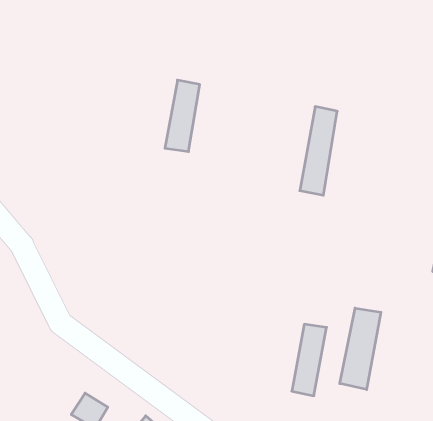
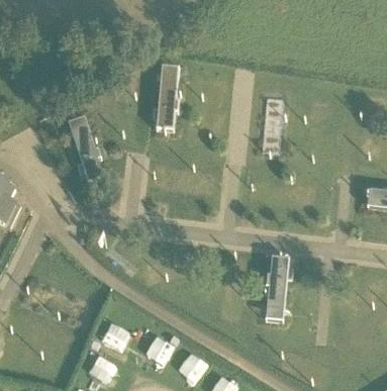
building: none -> [71,129,103,185]
building: [340,308,381,390] -> none

